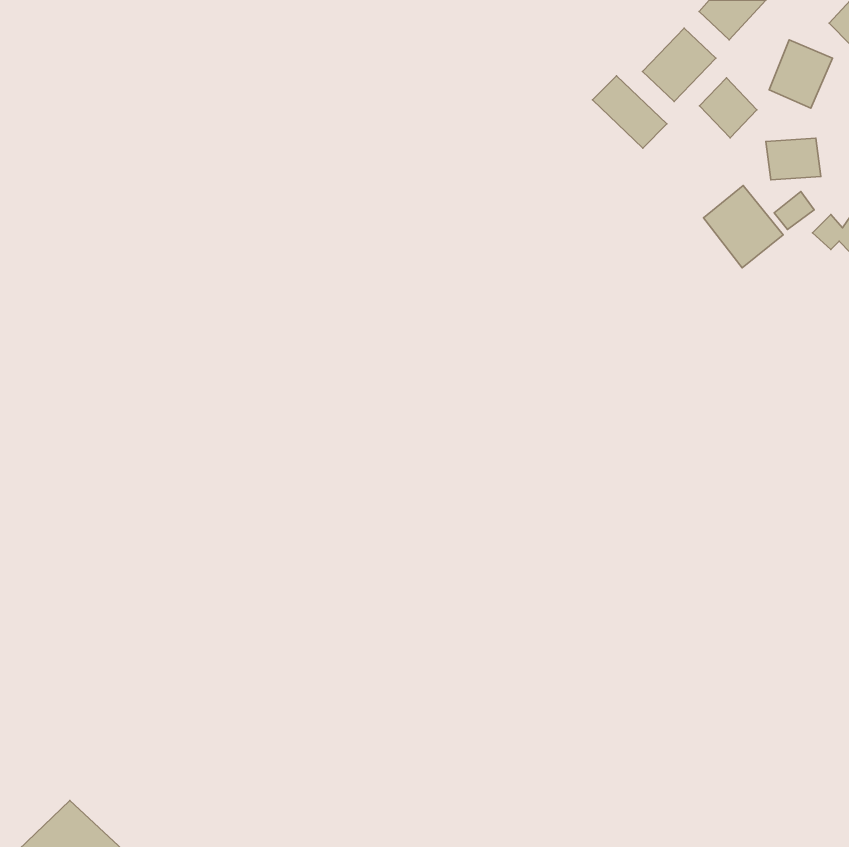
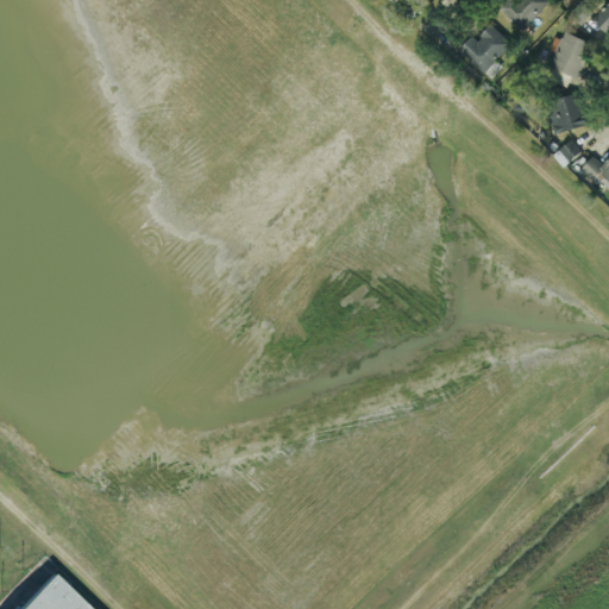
building: [593,76,667,148] -> none
building: [700,78,757,138] -> none
building: [704,185,783,268] -> none

